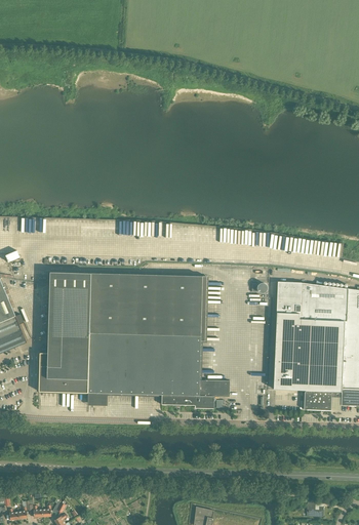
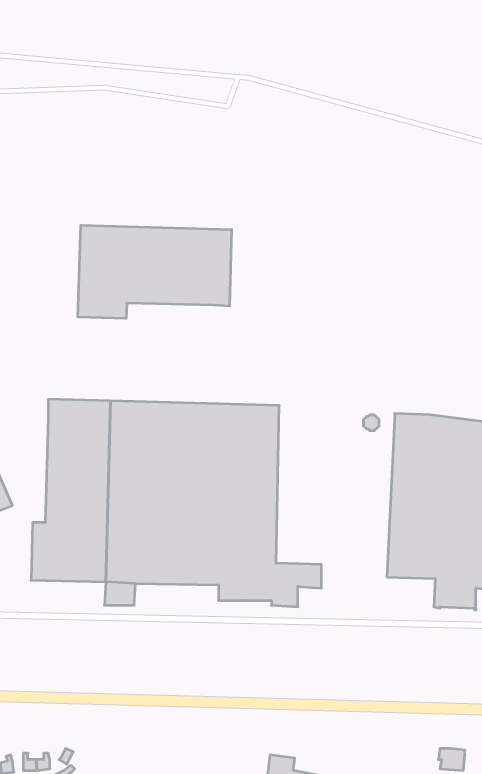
building: none -> [78,225,232,318]

